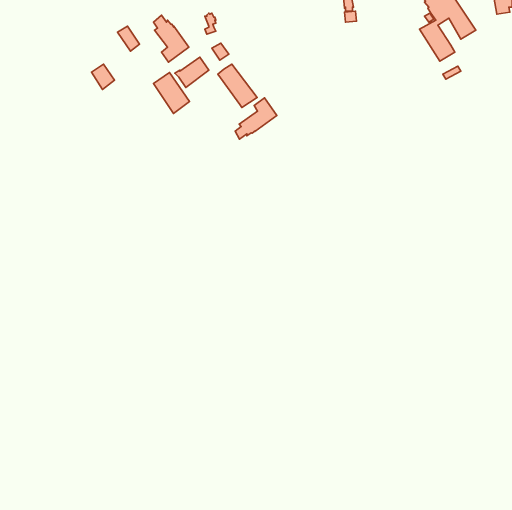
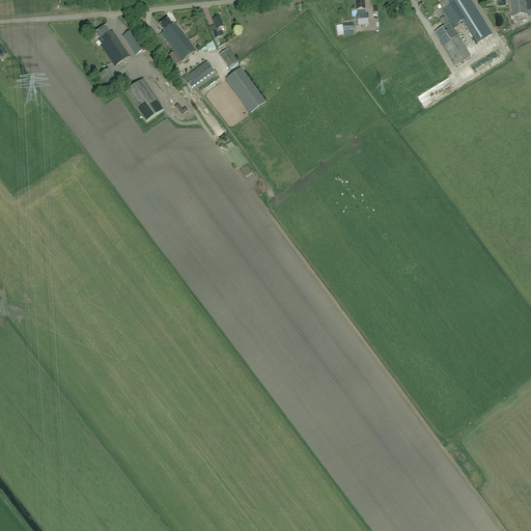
building: none -> [94,23,129,64]
building: [153,73,190,114] -> [124,77,162,119]
building: [235,98,277,139] -> none

